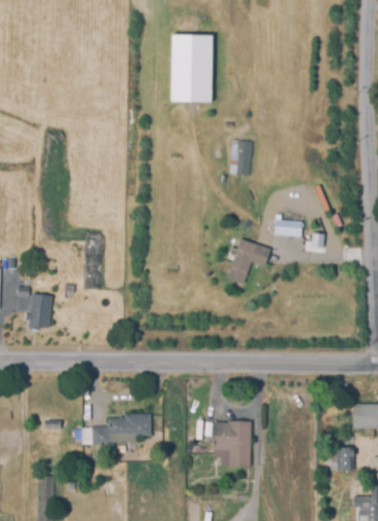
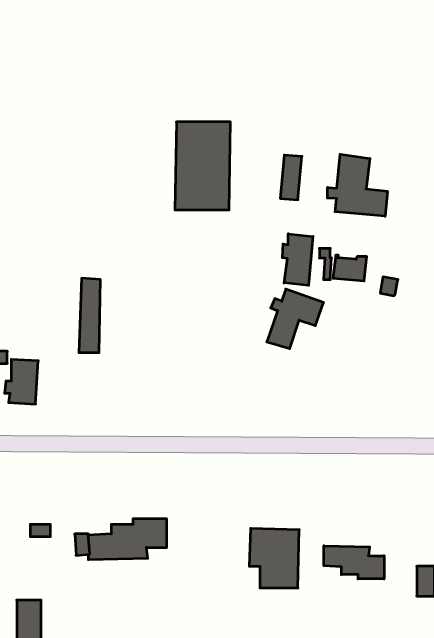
building: [169,33,212,100] -> [175,122,230,210]
building: none -> [327,154,387,216]
building: none -> [282,234,313,285]
building: none -> [324,546,384,579]

